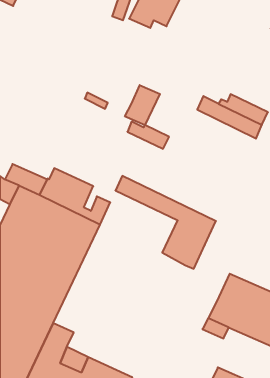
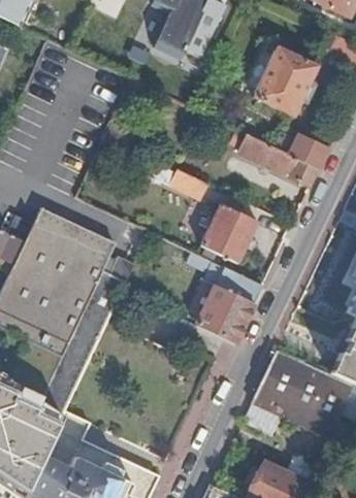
building: none -> [253,47,317,117]
building: [125,85,160,125] -> none
building: none -> [200,204,258,262]

